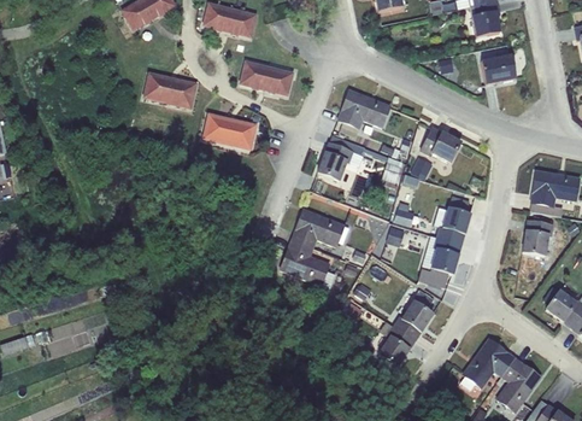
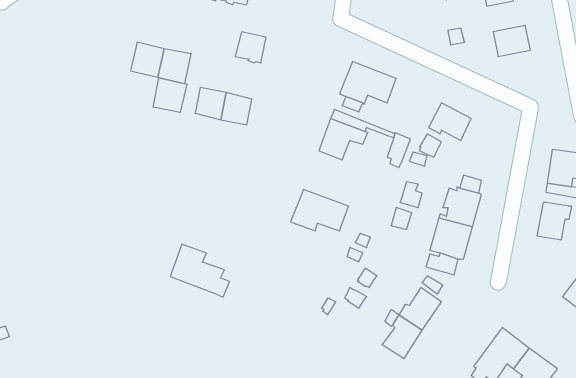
building: [264,66,293,94] -> none
building: none -> [153,78,187,113]
building: [281,239,336,288] -> [170,244,230,297]

